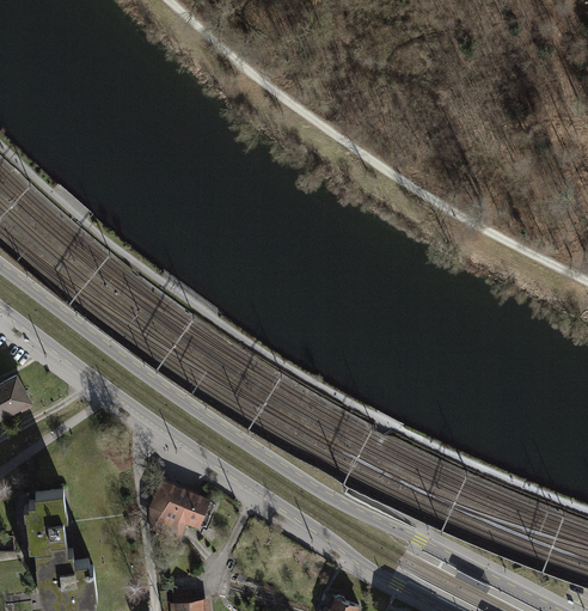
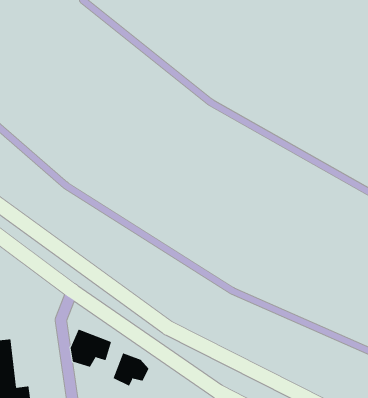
building: none -> [113,353,149,386]

